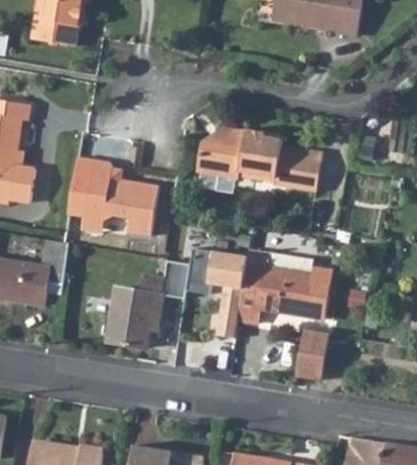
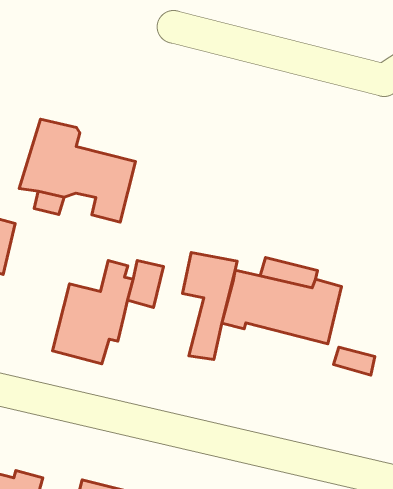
building: [196,126,320,188] -> none
building: [297,330,328,379] -> none

